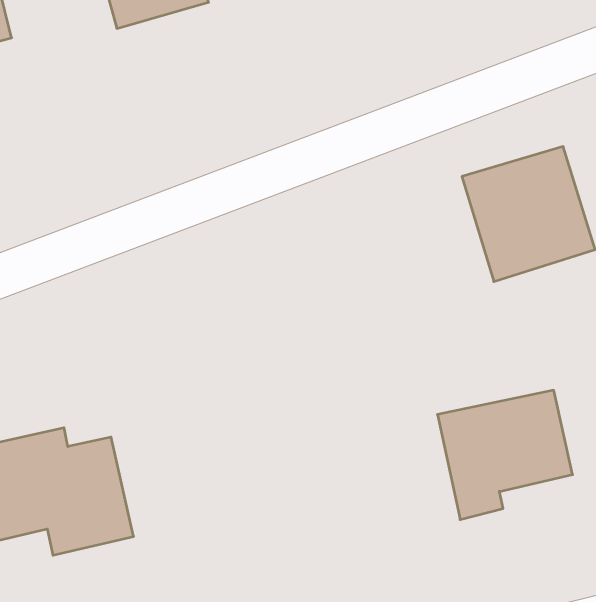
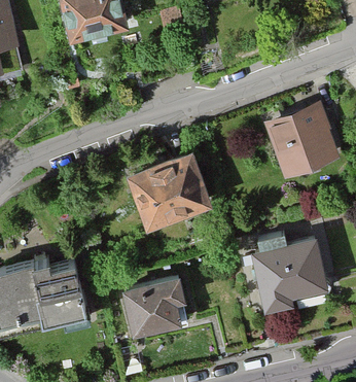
building: none -> [129,151,210,227]
building: none -> [123,275,184,336]

